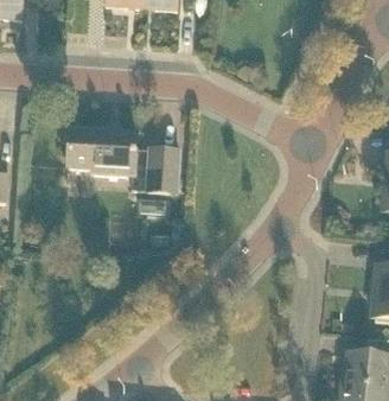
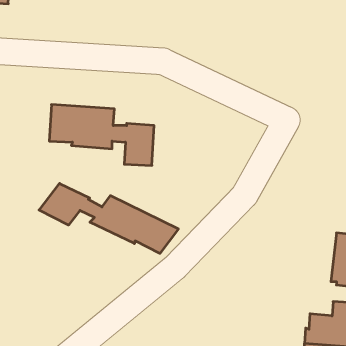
building: none -> [39,183,178,253]

